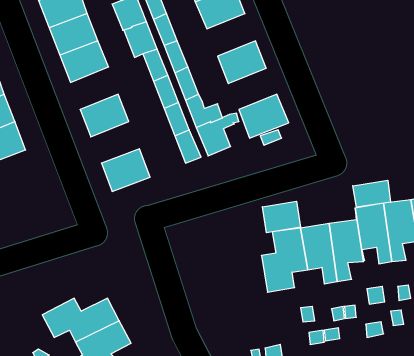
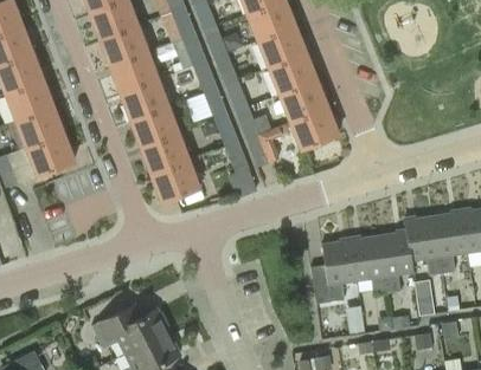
building: none -> [256,25,304,67]
building: none -> [120,78,167,121]
building: none -> [277,79,326,121]
building: none -> [140,132,188,174]
building: [353,180,391,207] -> none
building: [262,201,301,233] -> none

